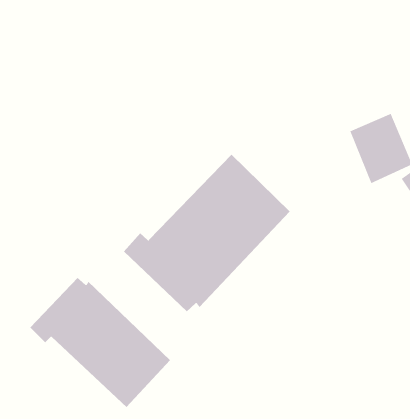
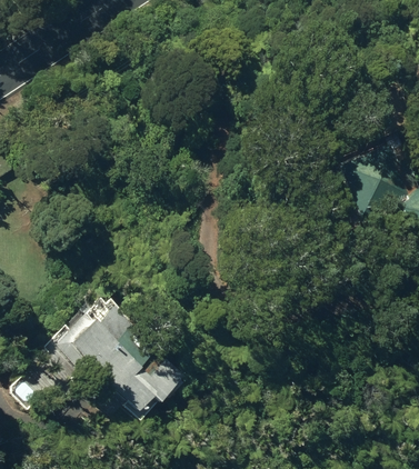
building: [123,154,291,312] -> none

